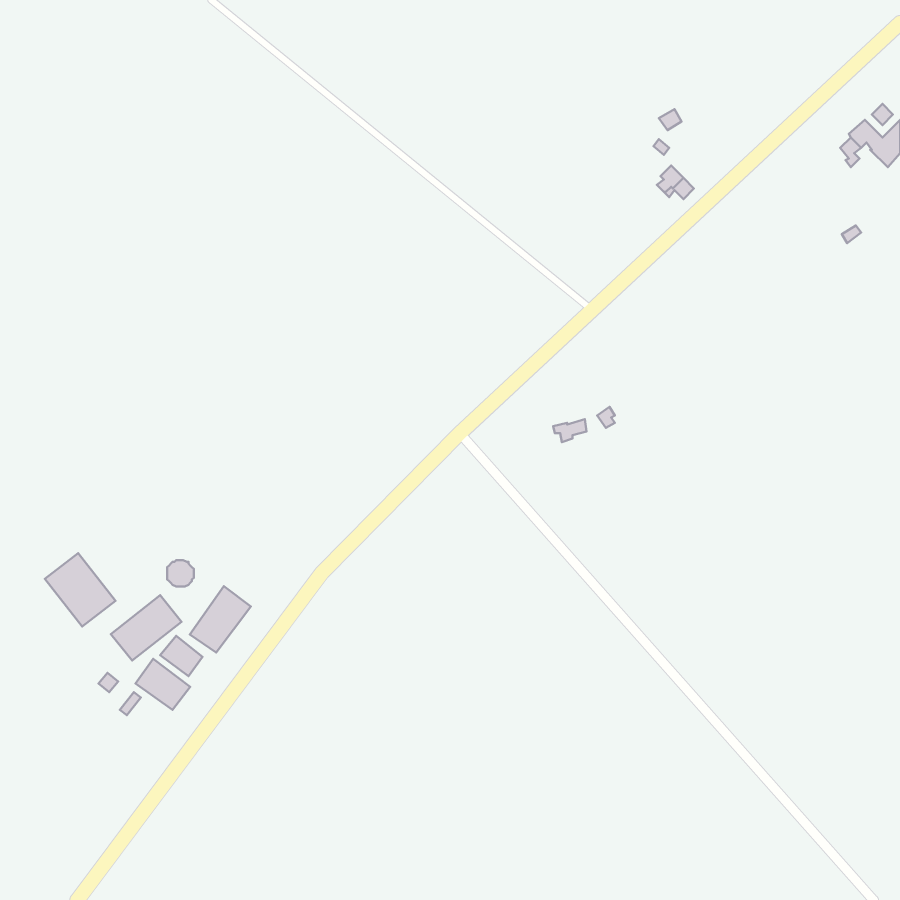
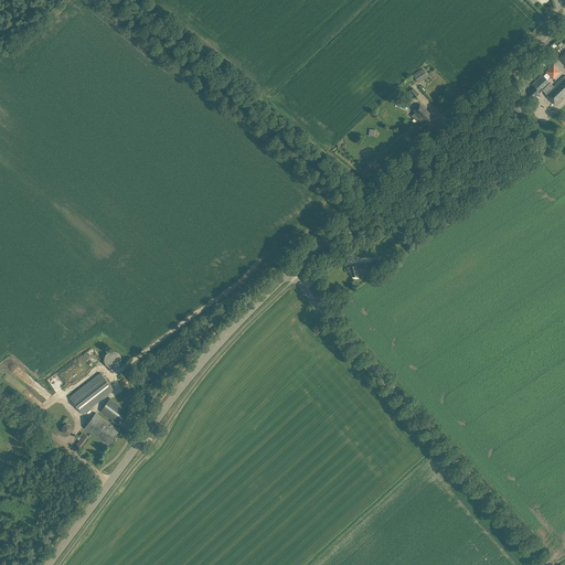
building: [45,553,115,626] -> none
building: [190,586,251,653] -> none

